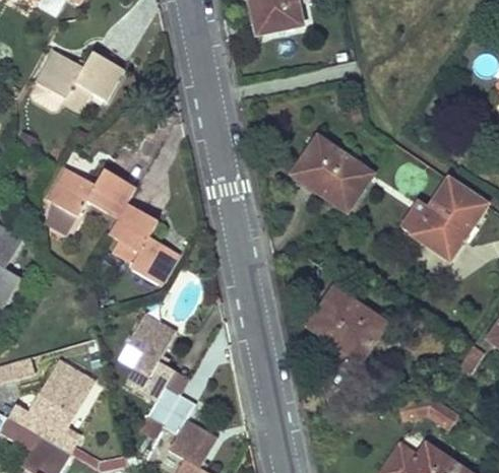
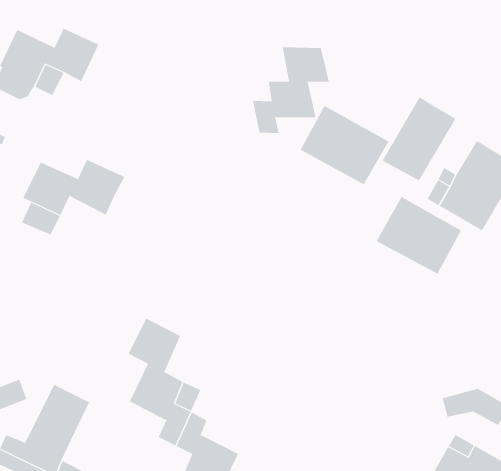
building: none -> [253,47,330,134]
building: none -> [382,96,456,181]
building: [109,202,179,284] -> none
building: [310,287,386,358] -> [376,196,462,274]

